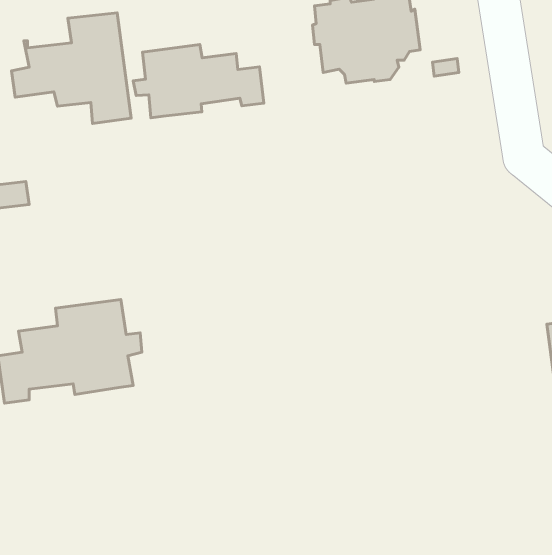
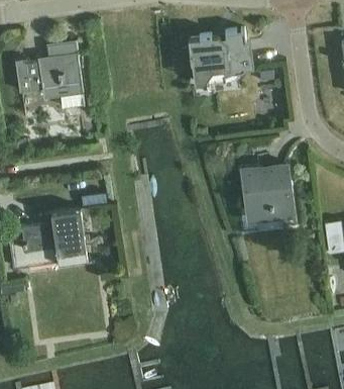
building: [133,45,264,118] -> none
building: none -> [242,166,293,221]

